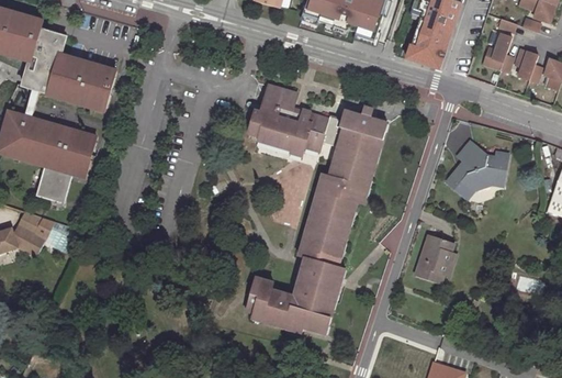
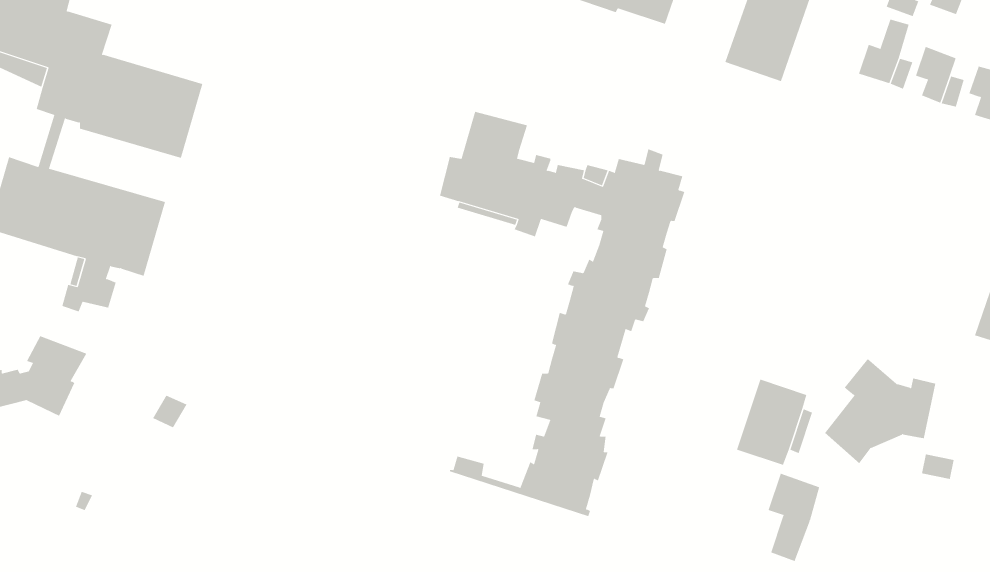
building: [446,141,508,200] -> [824,358,936,464]
building: [246,287,331,333] -> none
building: none -> [768,473,820,562]

